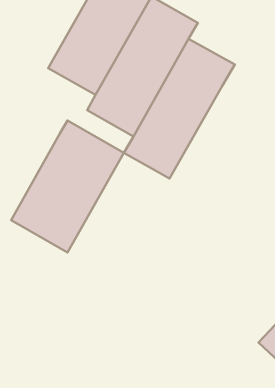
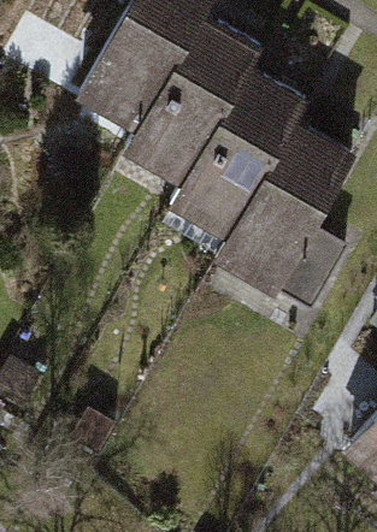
building: none -> [217,125,358,303]
building: [11,120,124,252] -> none

